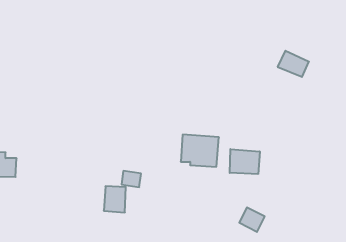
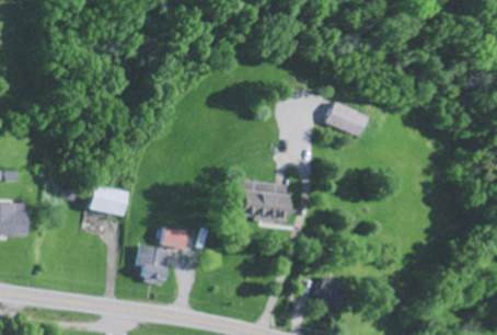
building: [278,51,309,77] -> [327,102,368,136]
building: none -> [92,186,130,213]
building: [230,149,260,174] -> none

